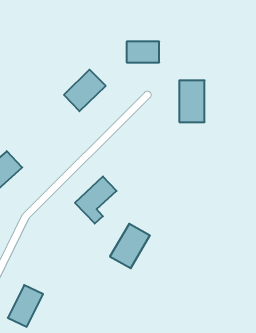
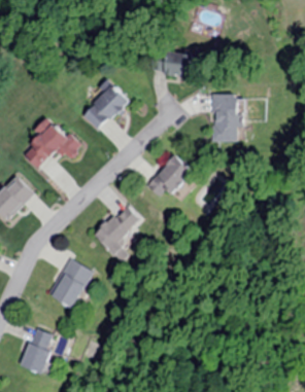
building: none -> [23,117,82,168]
building: none -> [148,155,192,202]
building: [110,224,150,268] -> [48,258,94,309]

